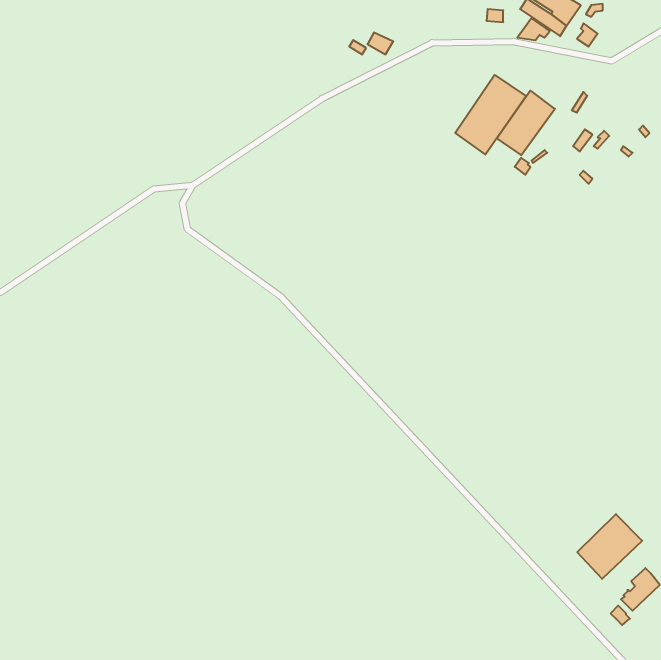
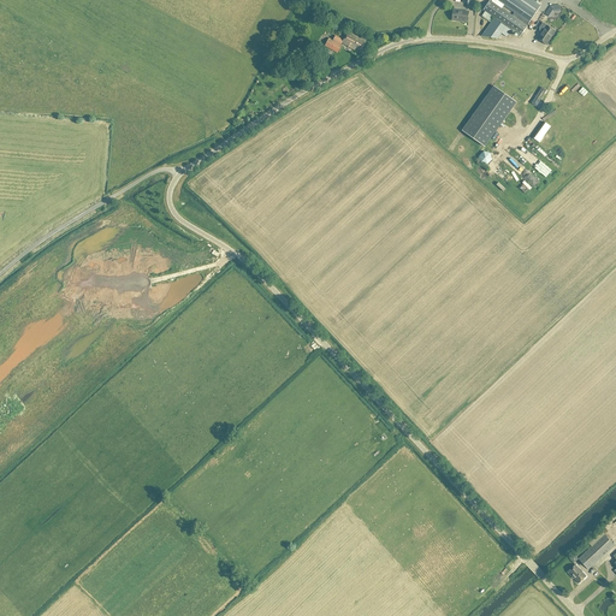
building: [455,75,526,155] -> none
building: [577,514,642,579] -> none

